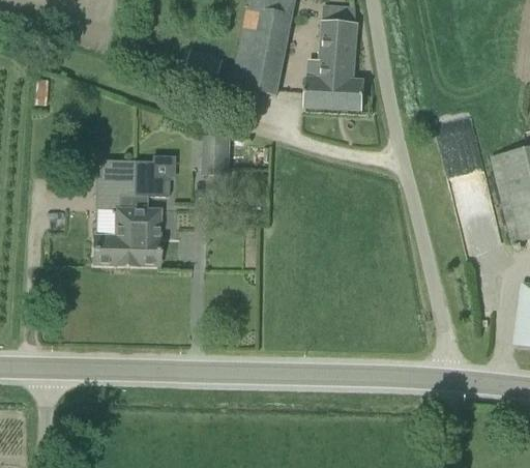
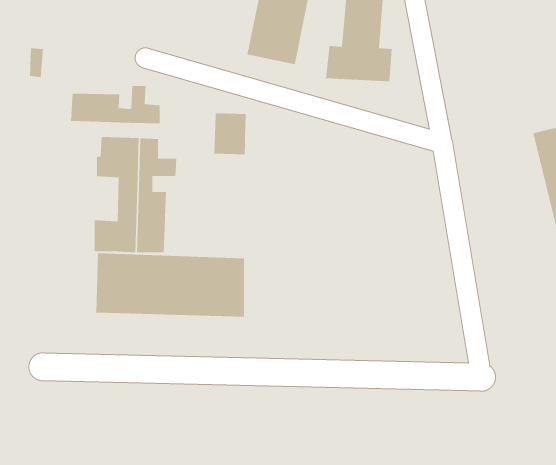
building: none -> [70,85,160,124]
building: none -> [96,252,244,317]

